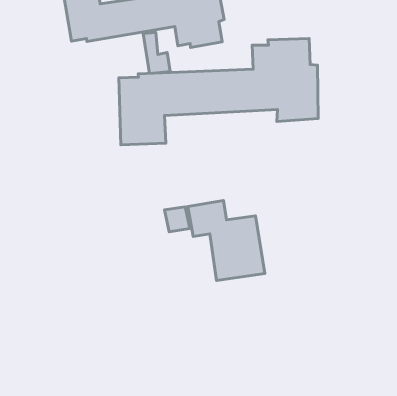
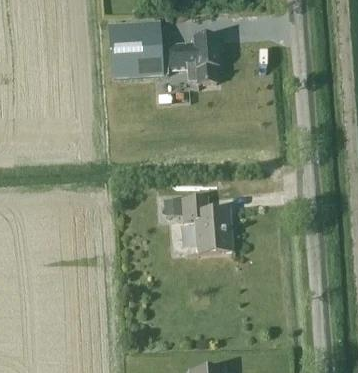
building: [119,39,318,145] -> none

